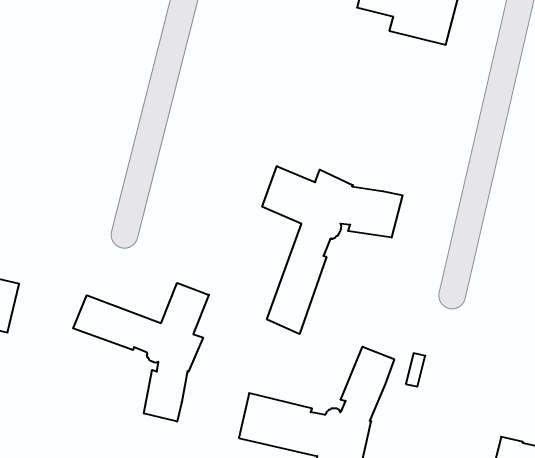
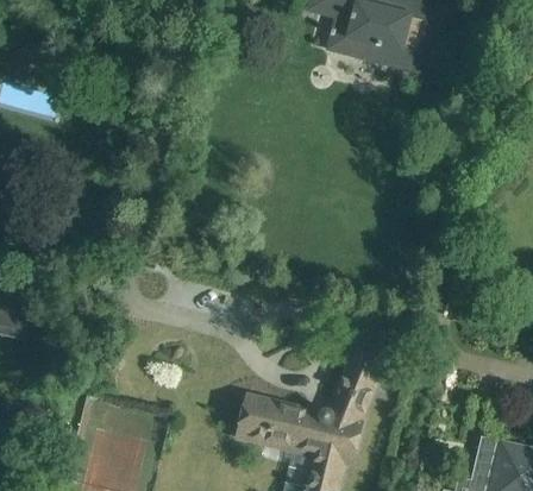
building: [262,166,403,334] -> none
building: [73,283,209,422] -> none

